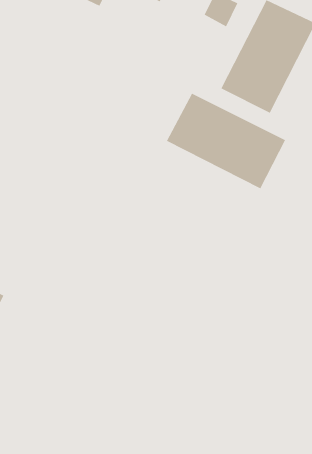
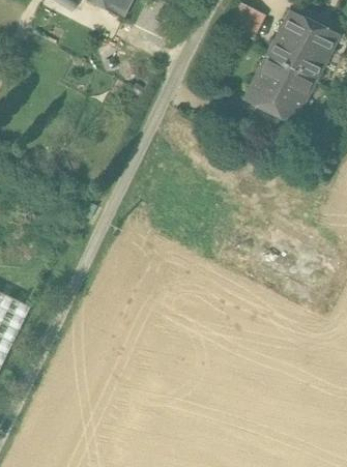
building: [166,93,286,189] -> none

